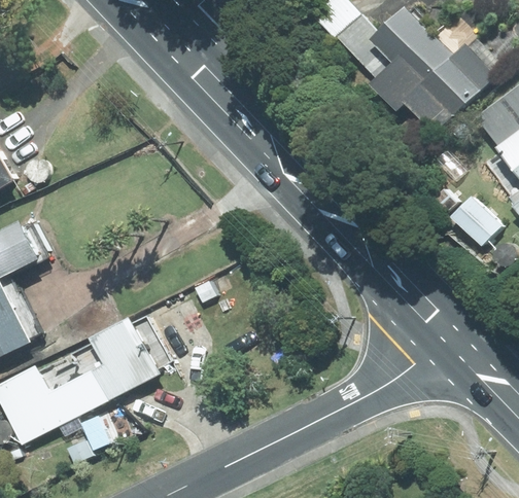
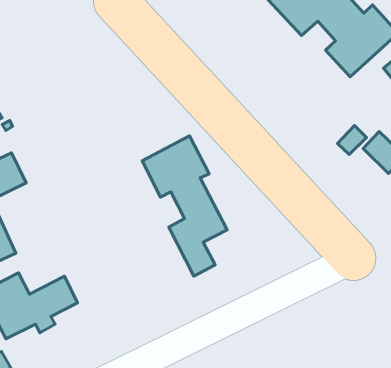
building: none -> [142,136,227,276]
building: [91,315,164,400] -> none

